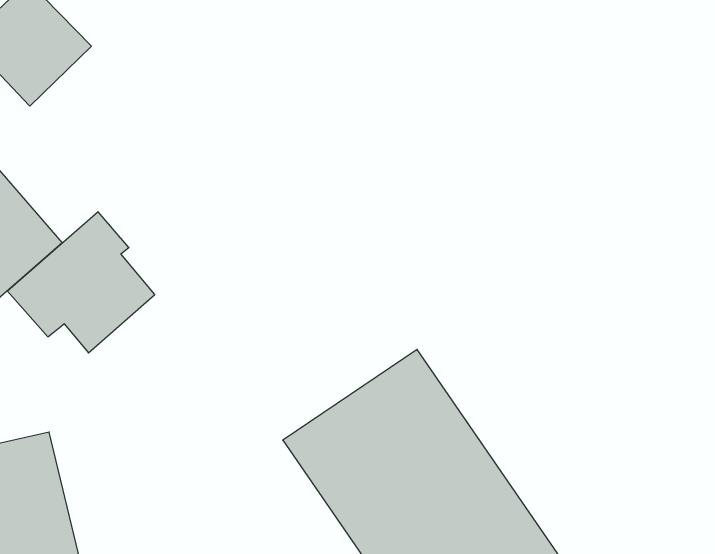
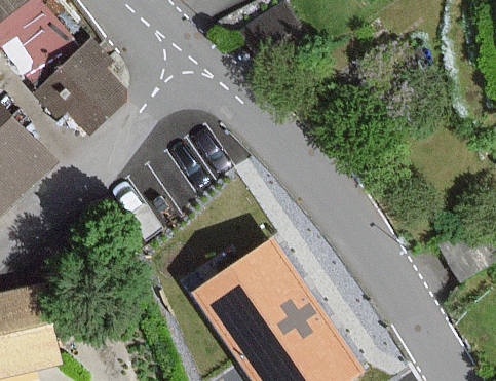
building: [7,212,155,353] -> [33,41,126,130]

